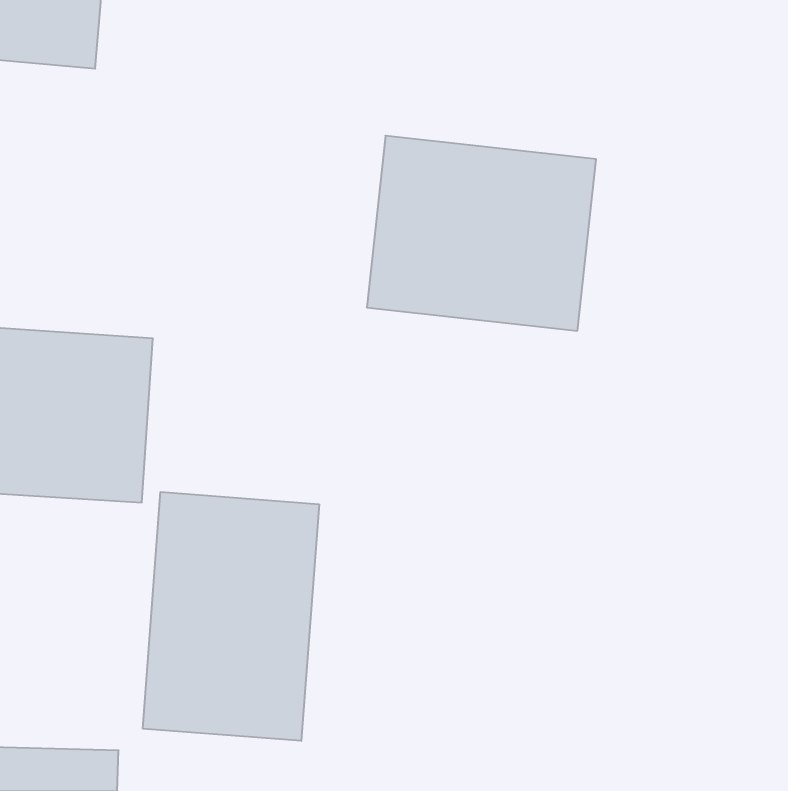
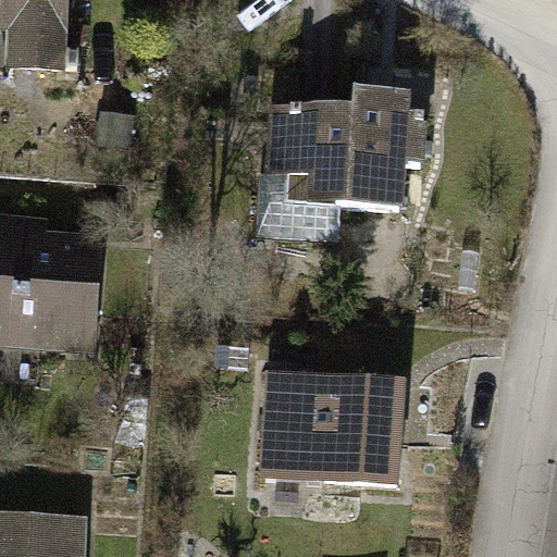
building: [143,492,319,741] -> none
building: none -> [246,366,416,503]

